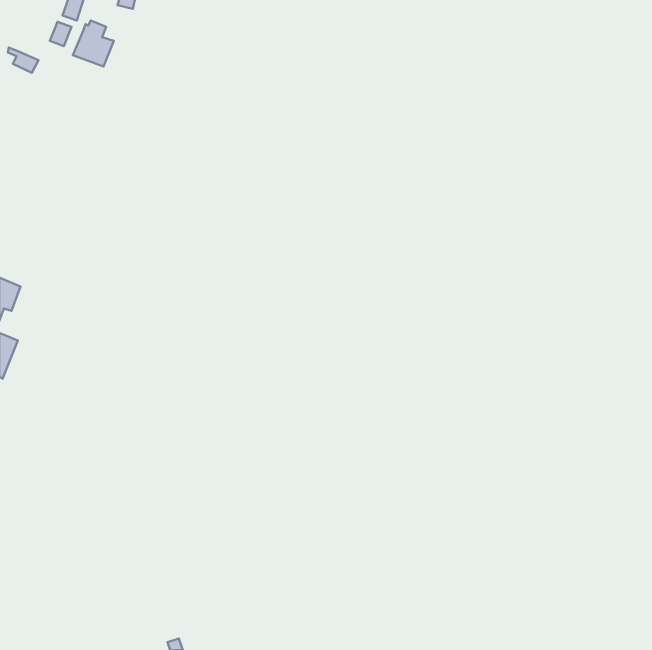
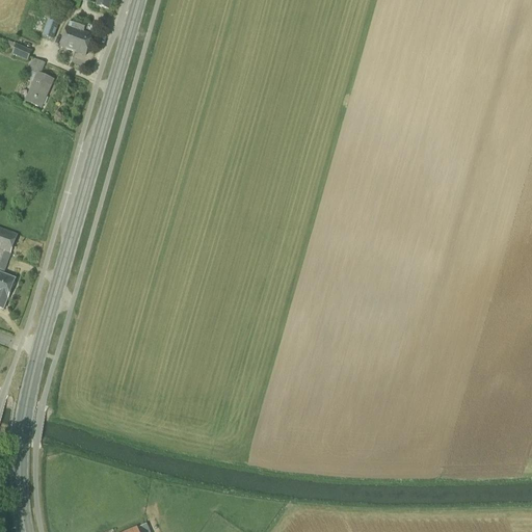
building: none -> [25,57,53,106]

